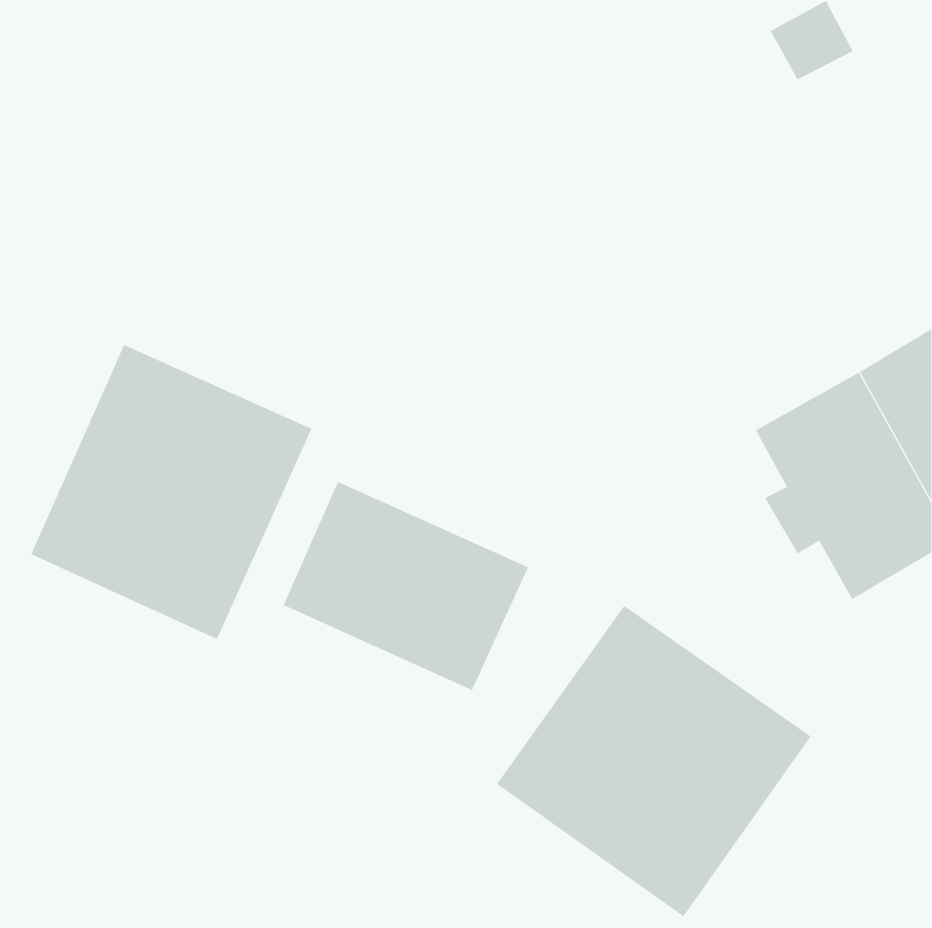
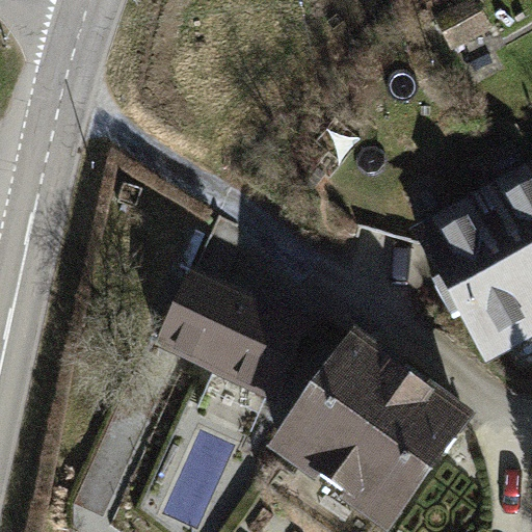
building: [30,344,312,640] -> none

